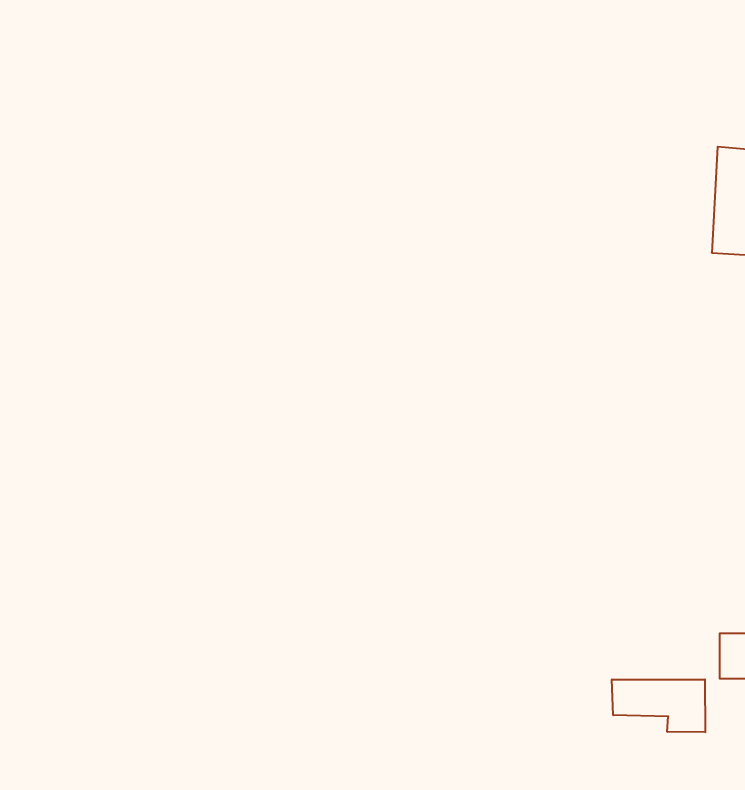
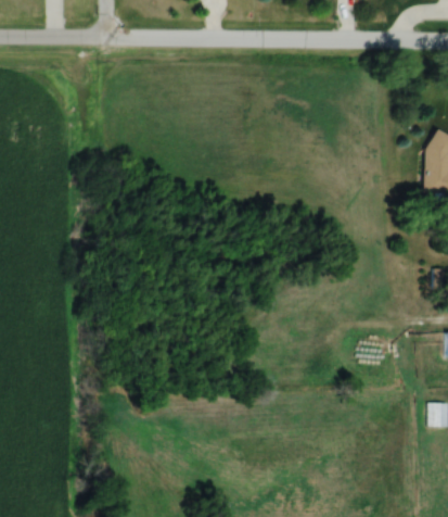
building: [612,679,705,732] -> none

